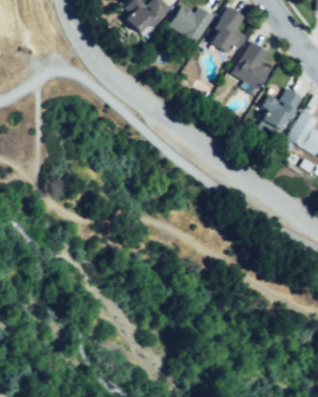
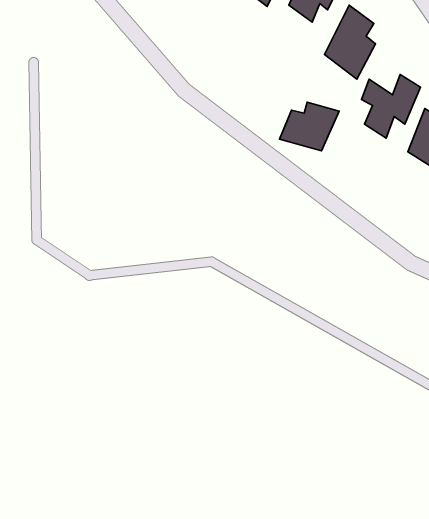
building: none -> [280,102,339,151]

